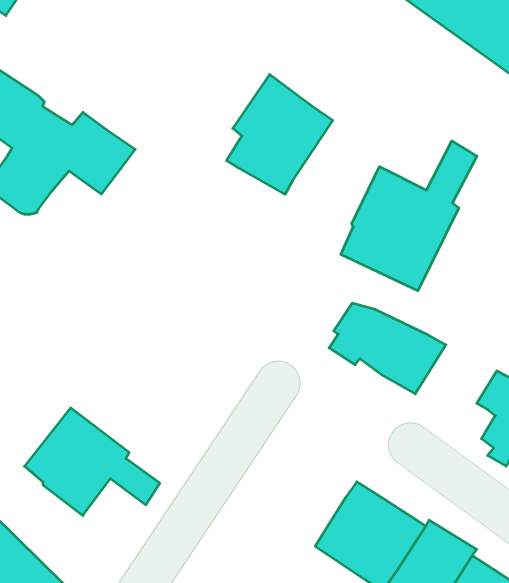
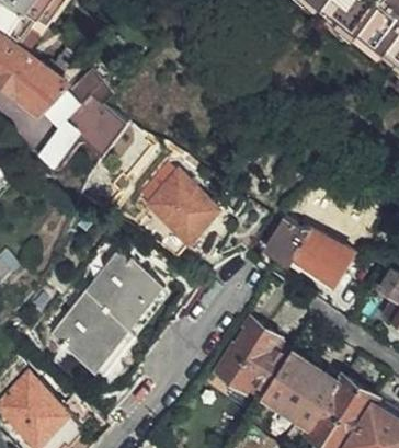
building: [227,74,333,194] -> [135,172,210,257]
building: [341,141,477,291] -> none
building: none -> [83,254,162,351]
building: none -> [216,322,287,395]

